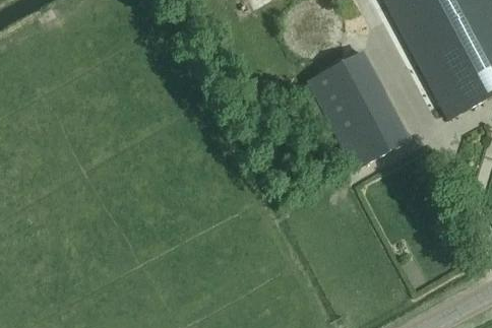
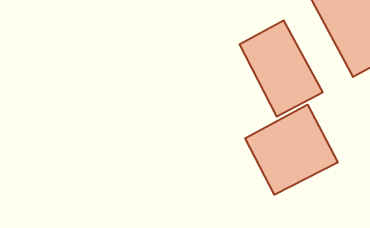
building: none -> [245,105,338,195]

